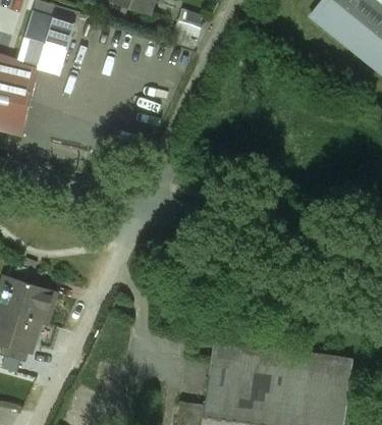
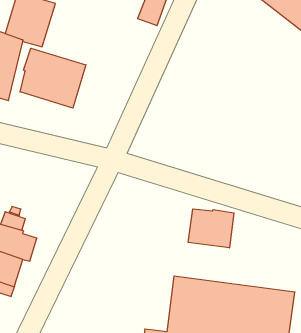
building: none -> [20,48,86,108]
building: none -> [188,209,234,248]

